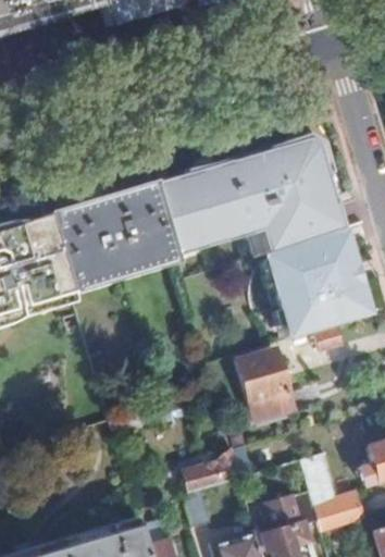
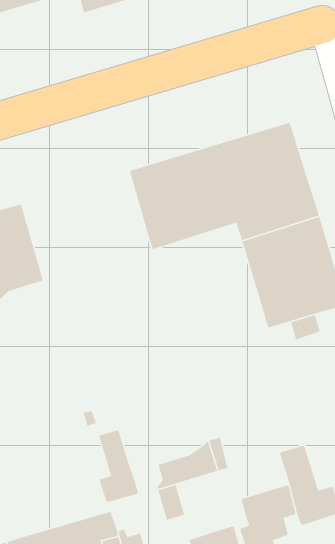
building: [49,182,177,293] -> none
building: [237,348,291,419] -> none
building: none -> [98,429,139,503]

